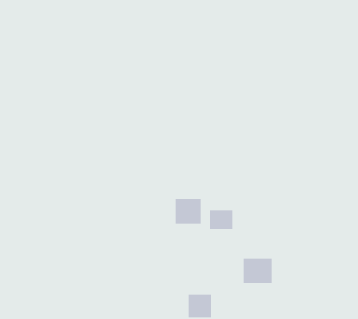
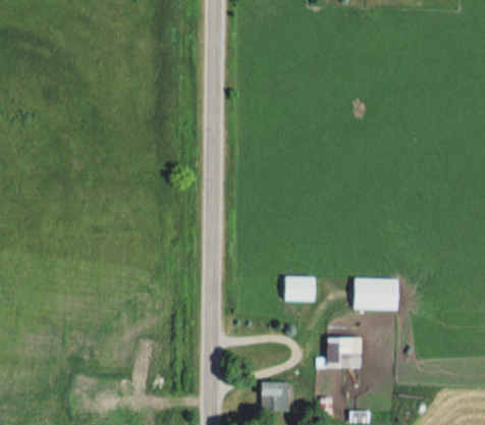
building: [175,198,201,225] -> none
building: none -> [354,278,398,310]

